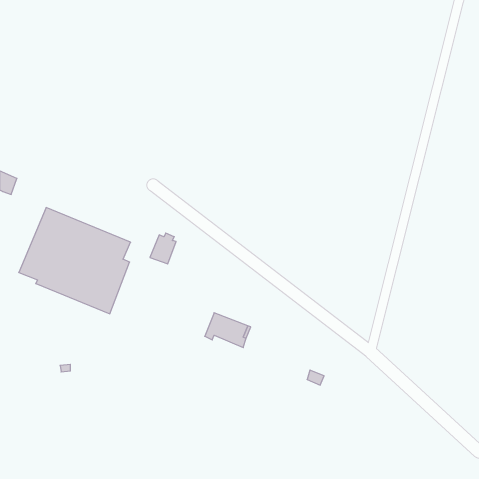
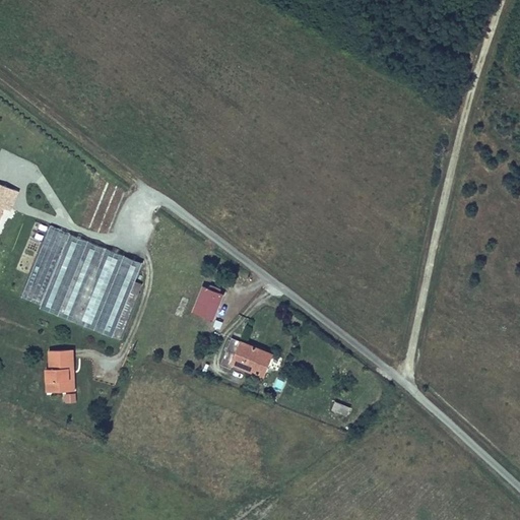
building: [150,233,176,264] -> [193,285,221,319]
building: none -> [45,350,72,391]

